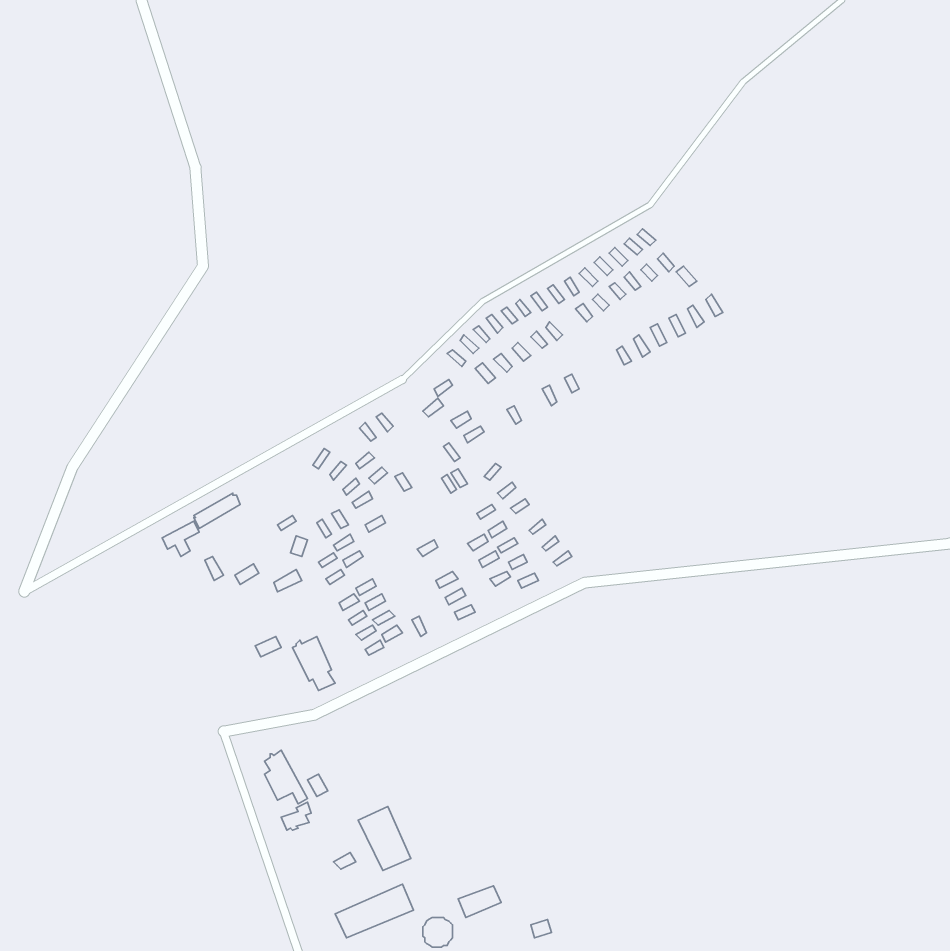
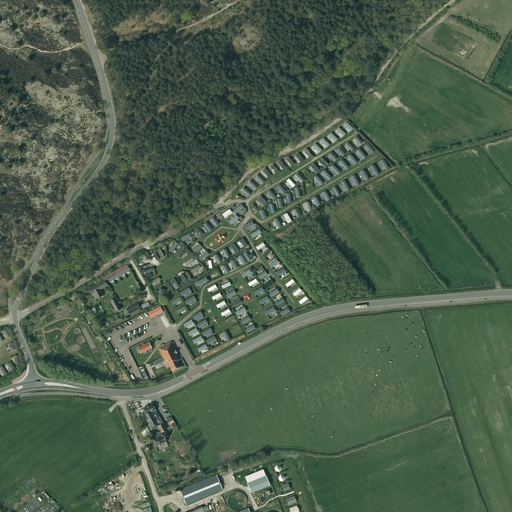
building: [358,807,411,871] -> none

